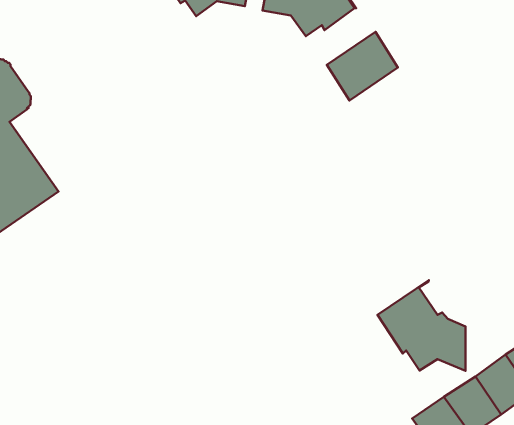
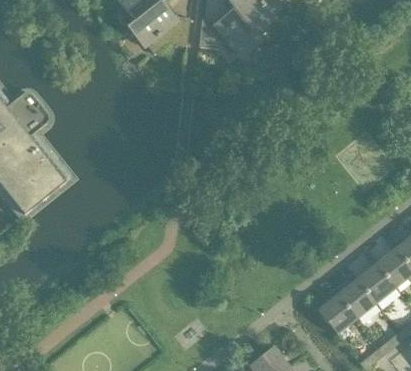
building: [327,32,398,101] -> none
building: [378,280,466,371] -> none

